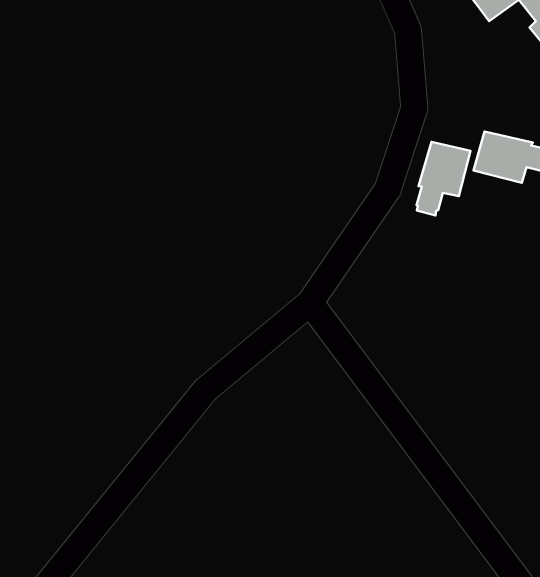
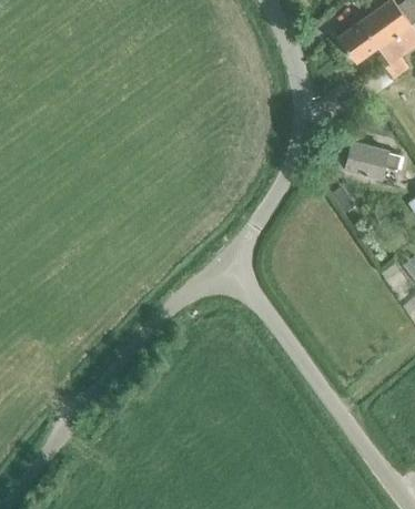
building: [416,142,470,215] -> none

